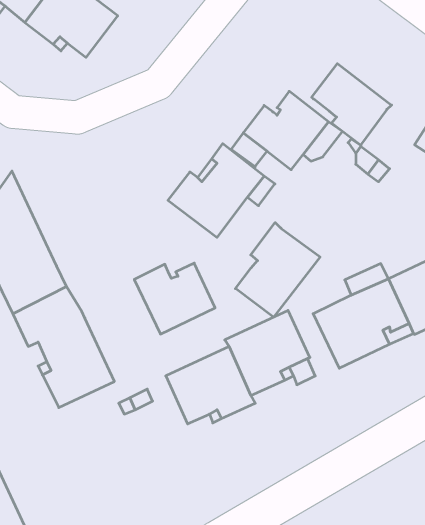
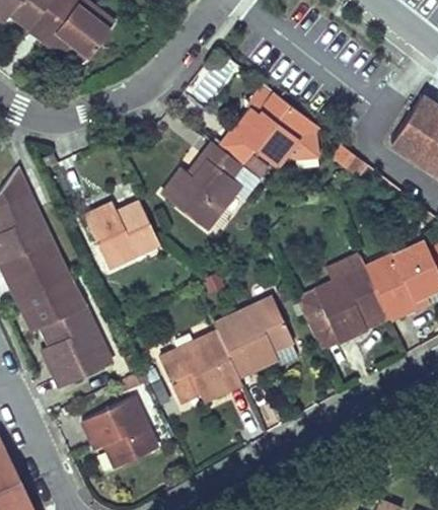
building: [312,64,392,145] -> none
building: [235,223,320,317] -> none
building: [134,263,215,334] -> [84,202,159,268]
building: none -> [82,396,157,468]

